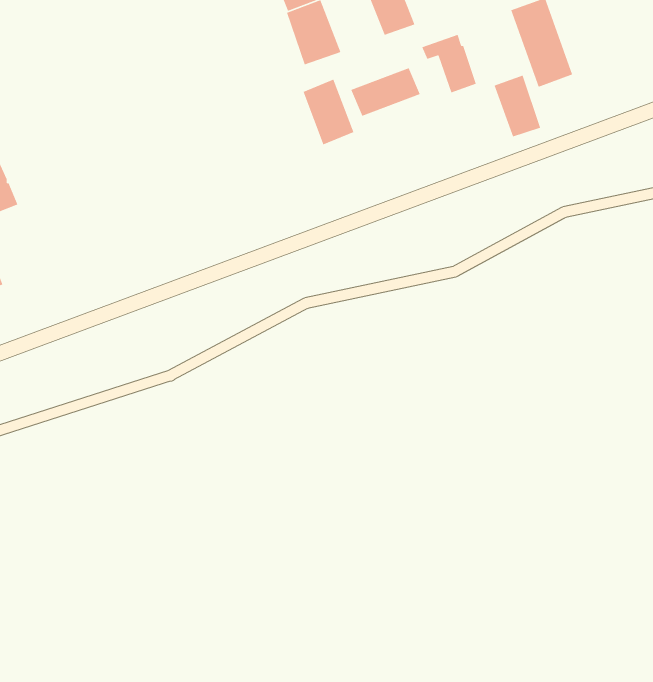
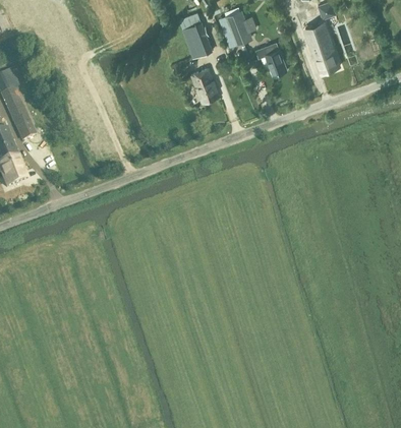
building: [350,67,421,117] -> none
building: [494,74,541,138] -> none

